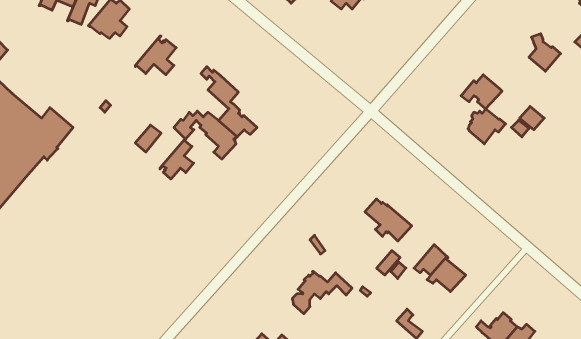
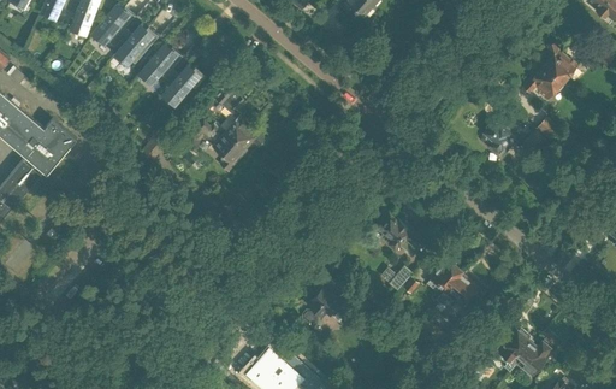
building: none -> [116,25,158,66]
building: none -> [162,65,205,104]
building: [461,75,502,109] -> [521,67,563,102]
building: [160,139,194,179] -> none

